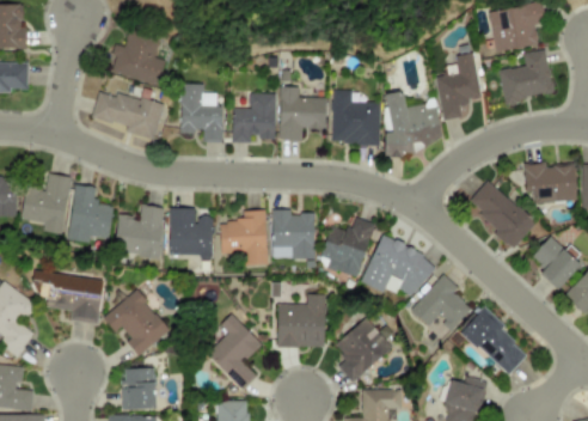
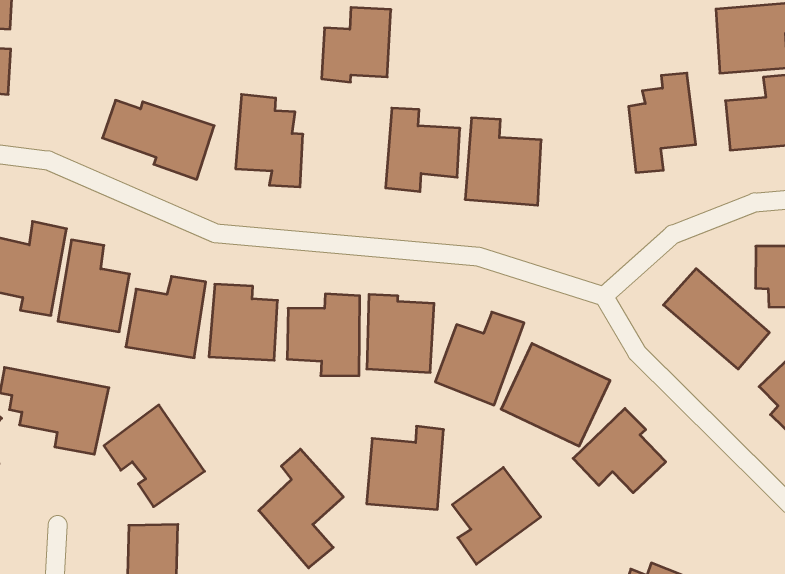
building: [111,30,166,86] -> none
building: [380,91,442,154] -> none
building: [232,93,275,142] -> [322,7,391,82]
building: [461,309,529,376] -> none

